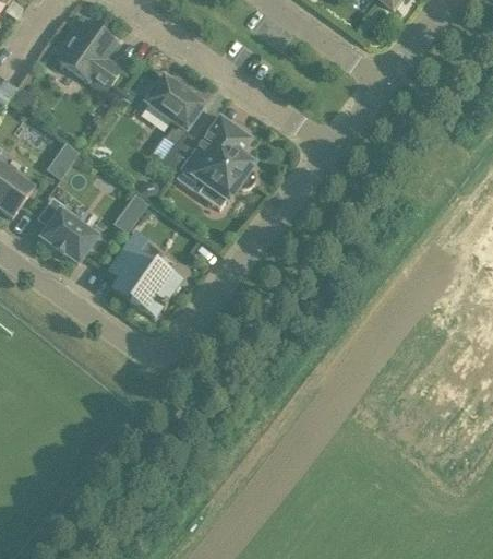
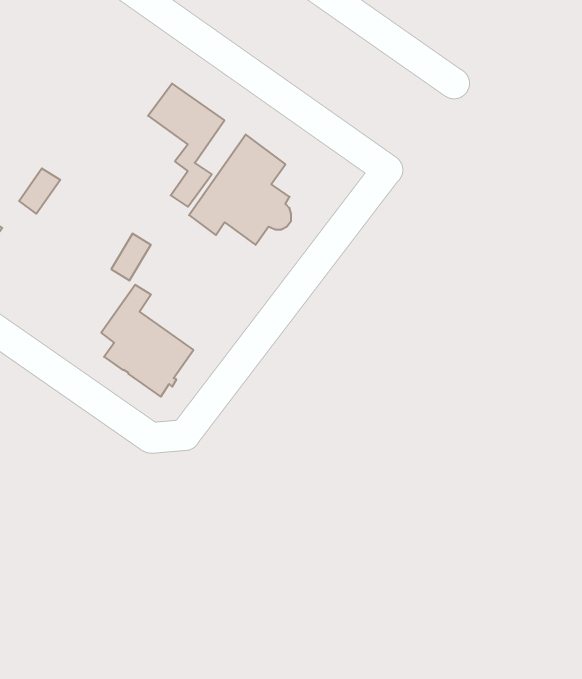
building: [60,21,123,91] -> none
building: [38,197,98,262] -> none

